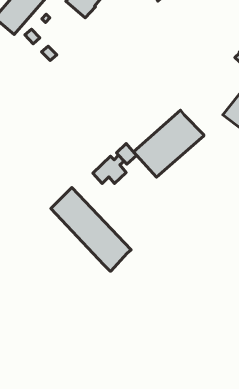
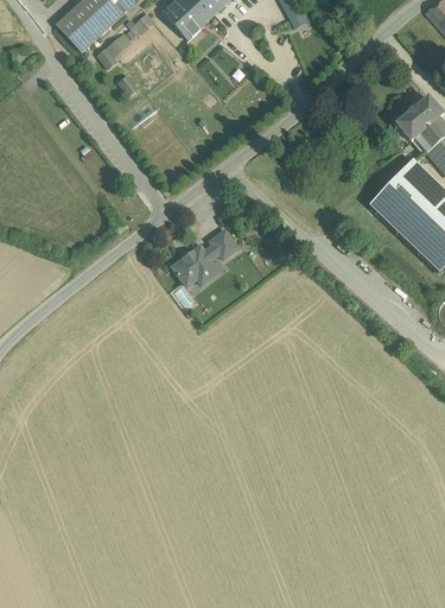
building: [133,110,204,177] -> none
building: [51,187,131,271] -> none

